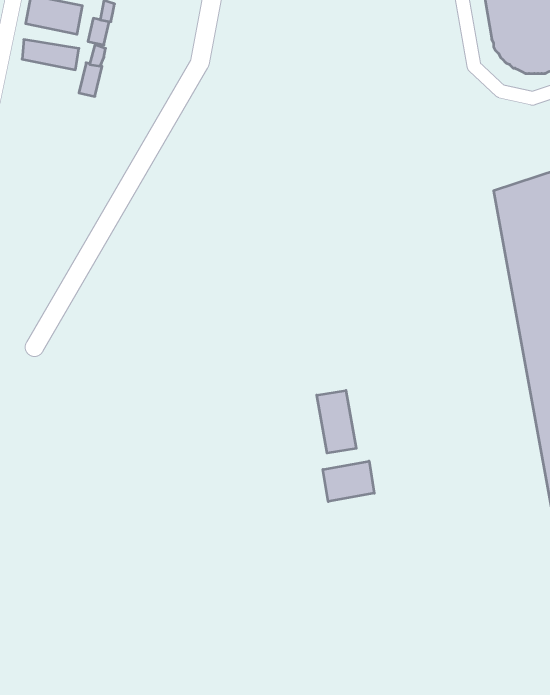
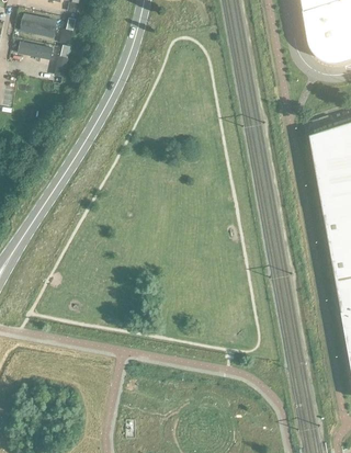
building: [317,390,356,453] -> none
building: [323,461,374,502] -> none

